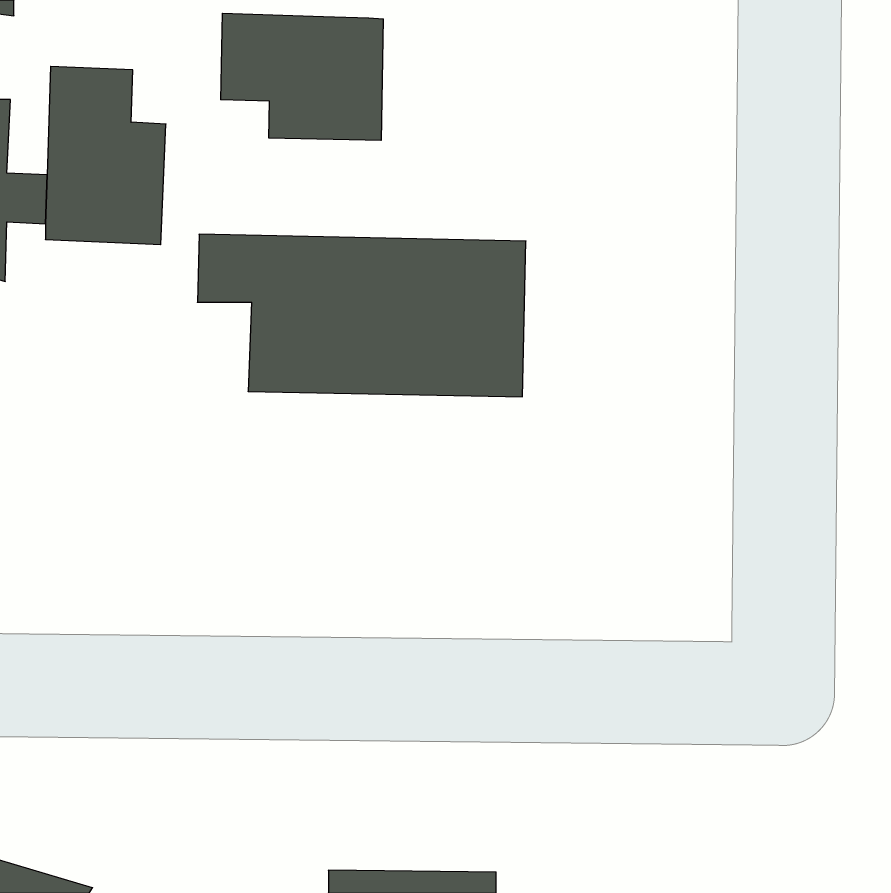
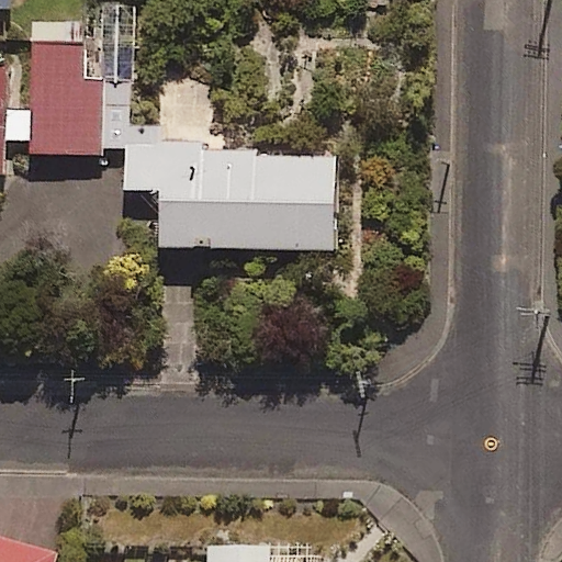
building: [221,13,383,140] -> none

